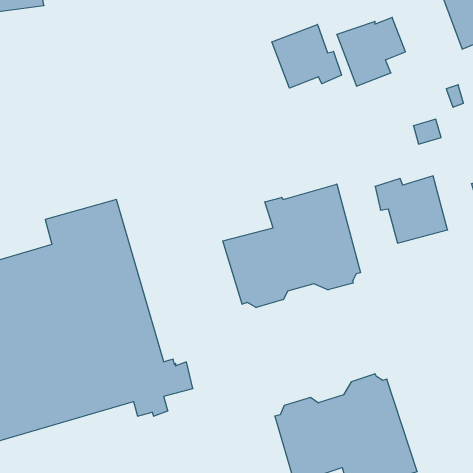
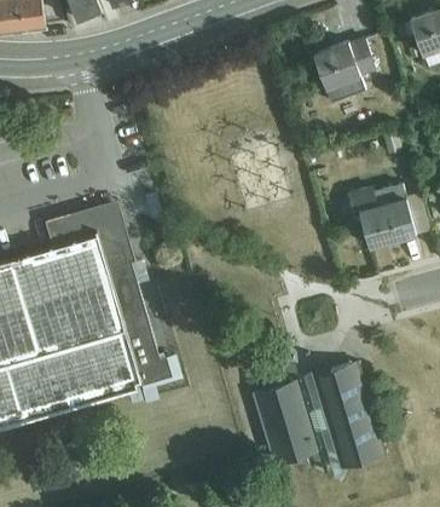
building: [272,24,341,88] -> none
building: [223,184,360,308] -> none

